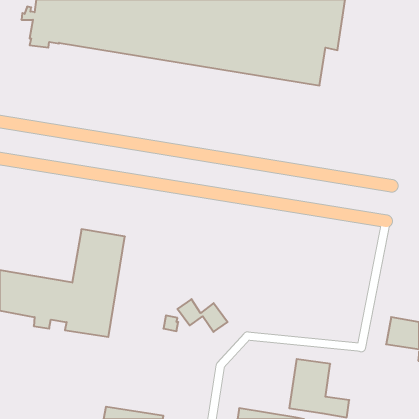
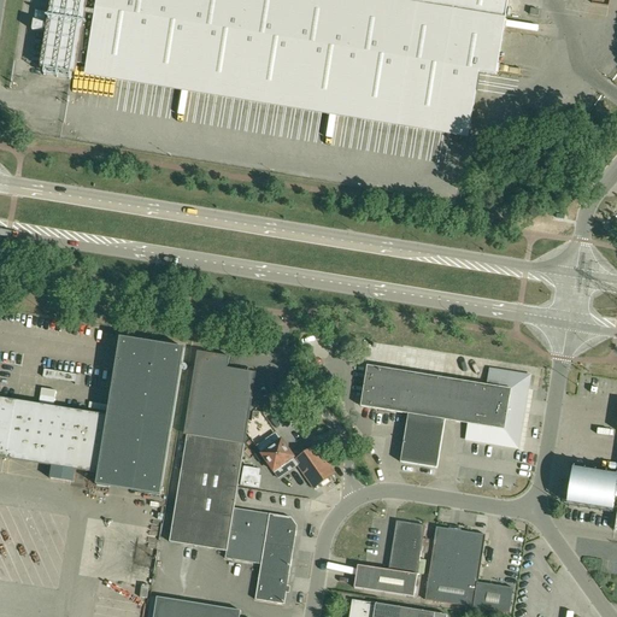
building: none -> [169,351,296,604]
building: none -> [360,365,529,468]
building: none -> [353,521,424,597]

